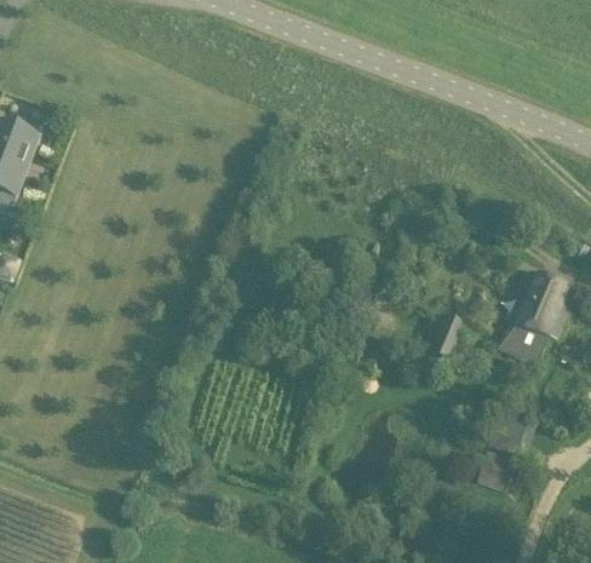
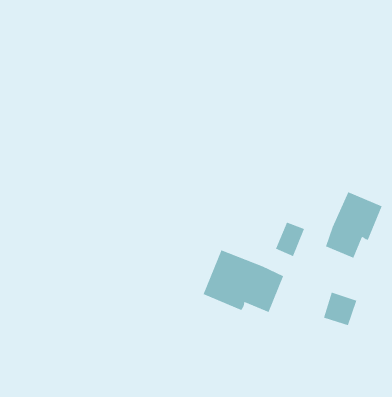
building: none -> [203,249,284,313]

